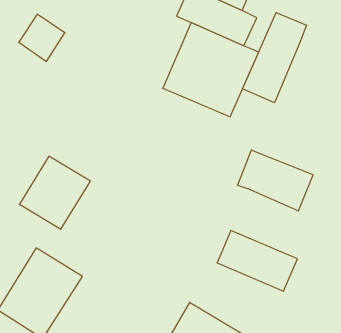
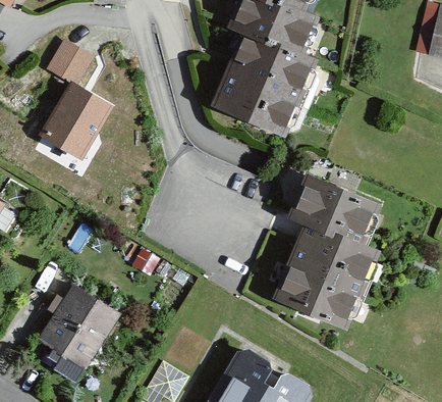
building: [243,13,307,103] -> none
building: [19,156,90,229] -> [37,79,115,159]
building: none -> [286,218,379,296]

